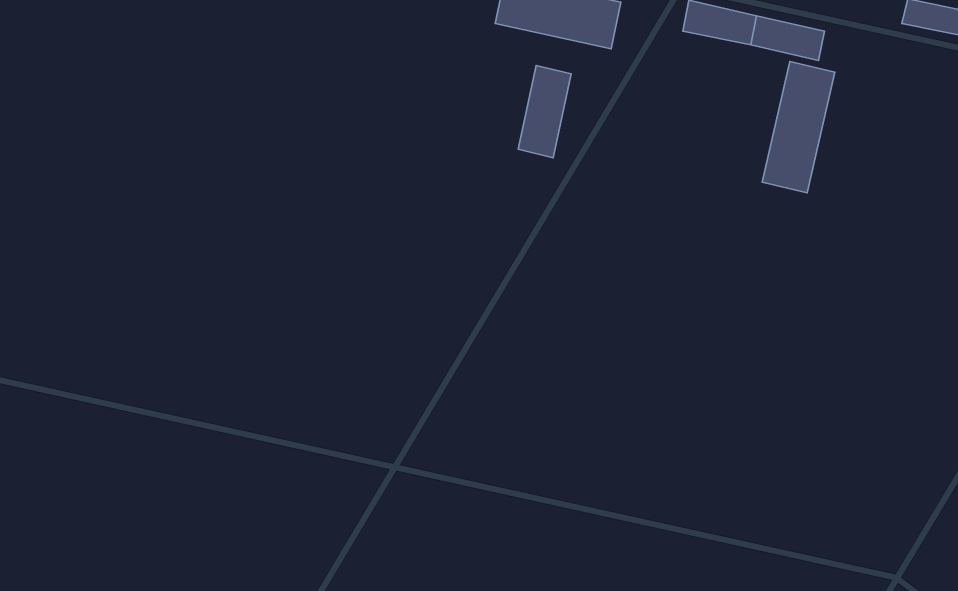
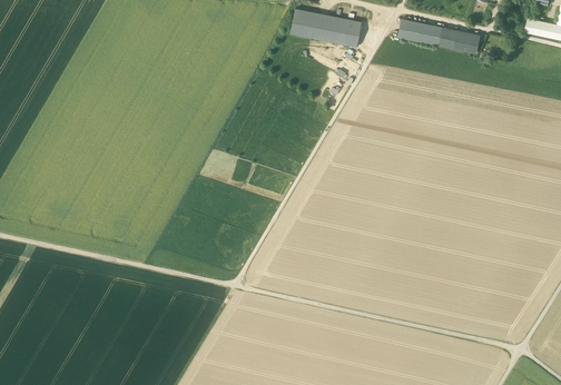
building: [762,61,835,193] -> none
building: [518,65,571,158] -> none

